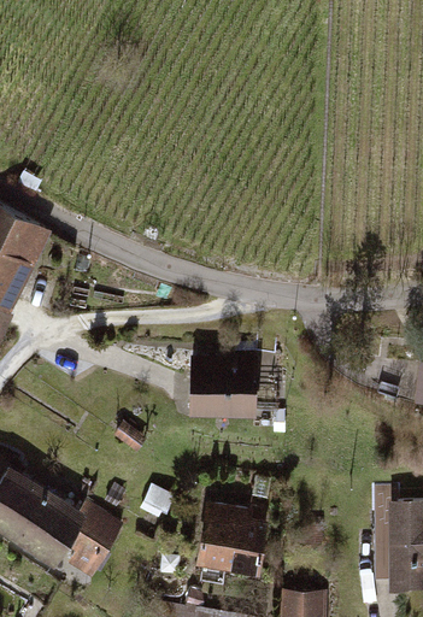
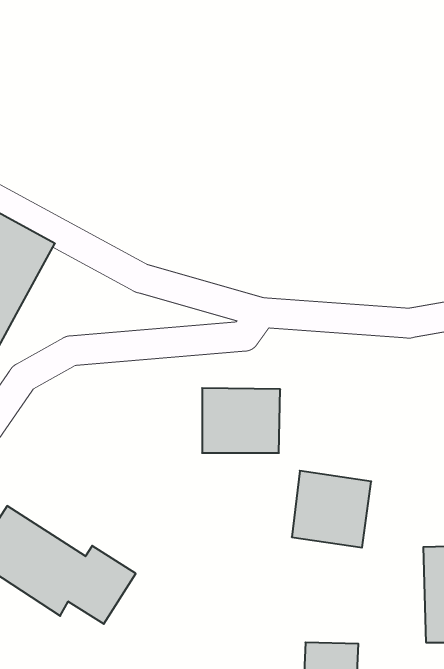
building: [196,503,269,572] -> [292,471,371,548]

